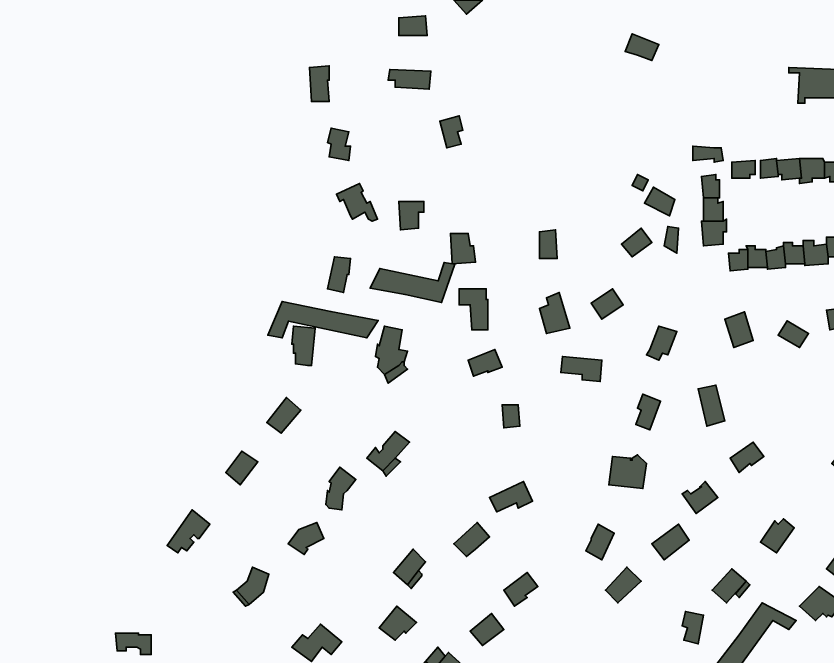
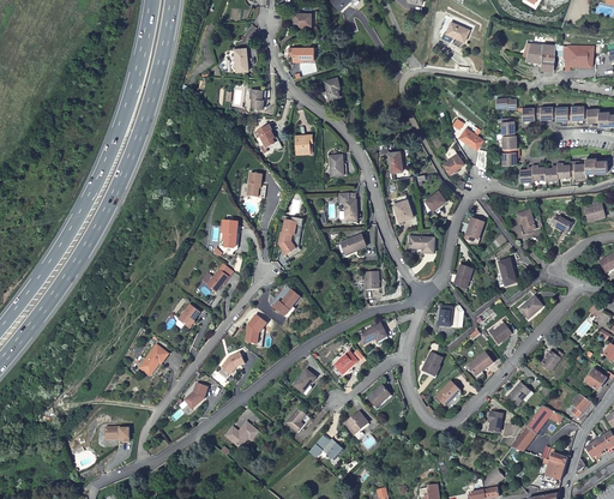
building: none -> [525,44,559,71]
building: [370,263,455,302] -> none
building: [268,301,378,338] -> none

